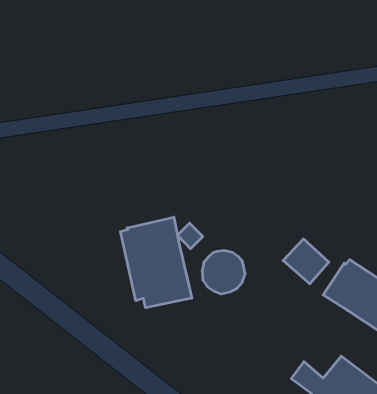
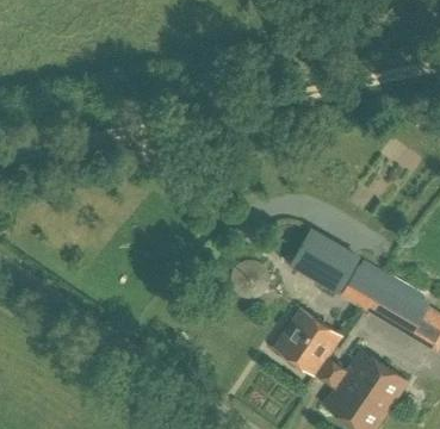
building: [120,217,192,308] -> none
building: none -> [273,307,341,375]

